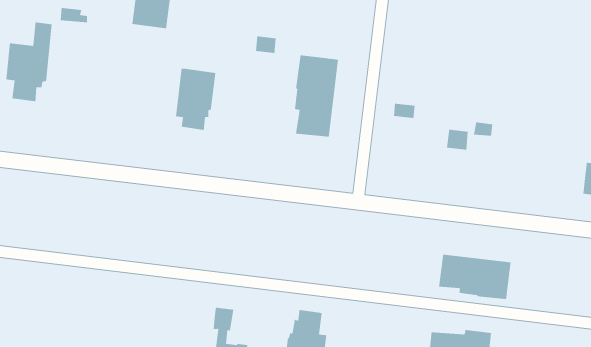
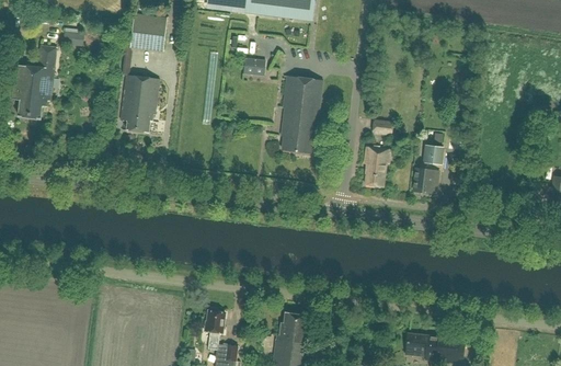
building: [175,68,216,131] -> [121,75,159,133]
building: none -> [364,147,390,186]
building: none -> [412,168,437,193]
building: [438,254,511,300] -> none

